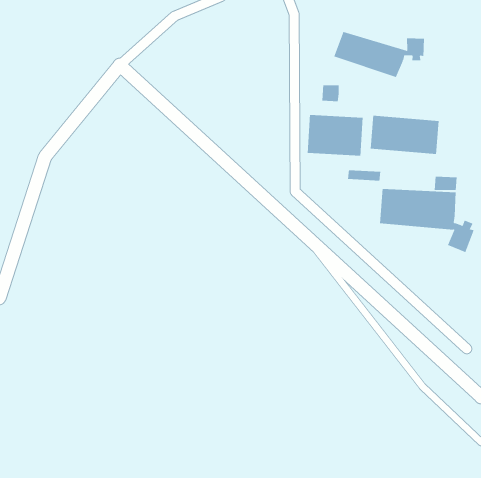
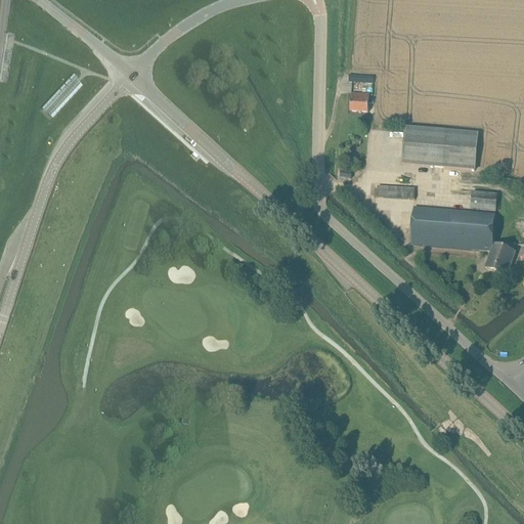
building: [333,31,425,78] -> none
building: [307,114,363,157] -> none

